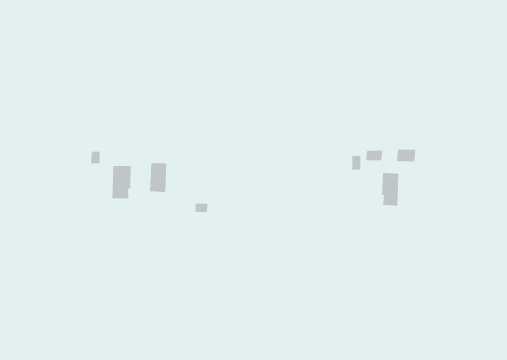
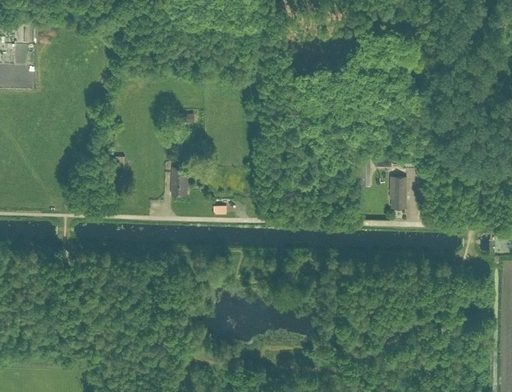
building: [112,165,131,199] -> none

